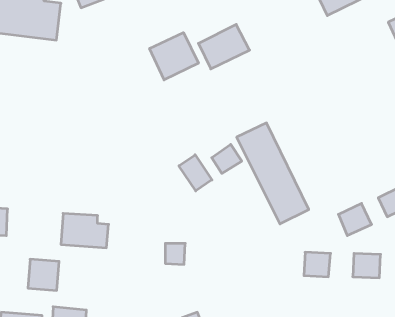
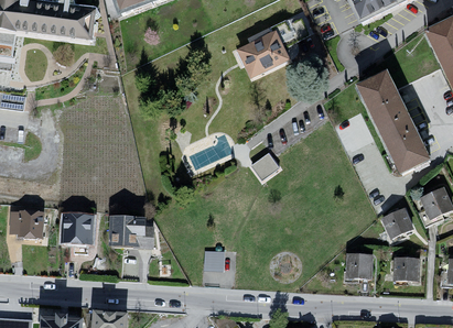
building: [150,33,198,80] -> none
building: [237,123,309,224] -> [356,69,428,170]
building: [179,155,212,191] -> none
building: [28,259,59,290] -> [60,215,90,245]

